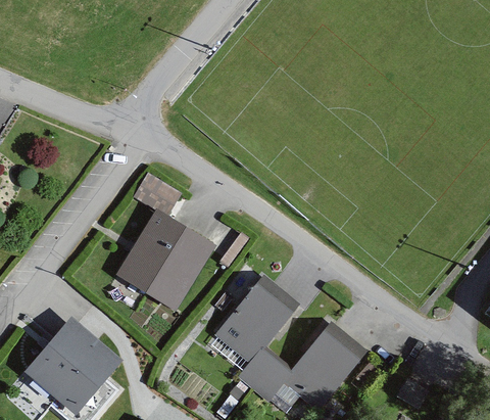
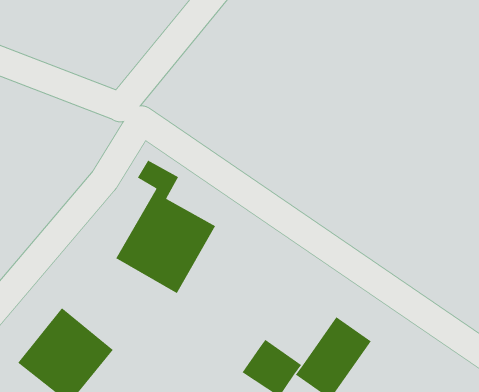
building: [223,281,292,357] -> none

